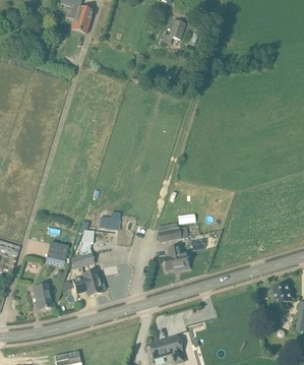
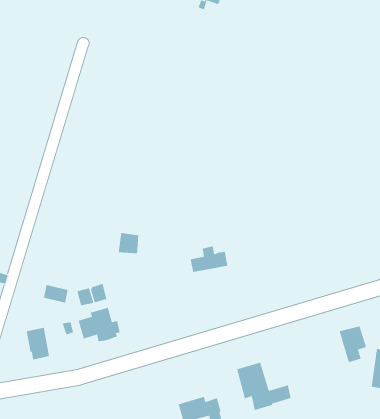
building: [163,244,188,270] -> none
building: none -> [236,362,291,411]

